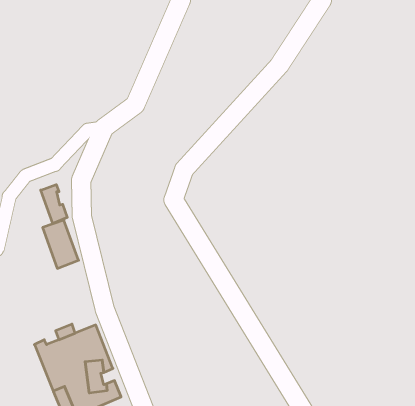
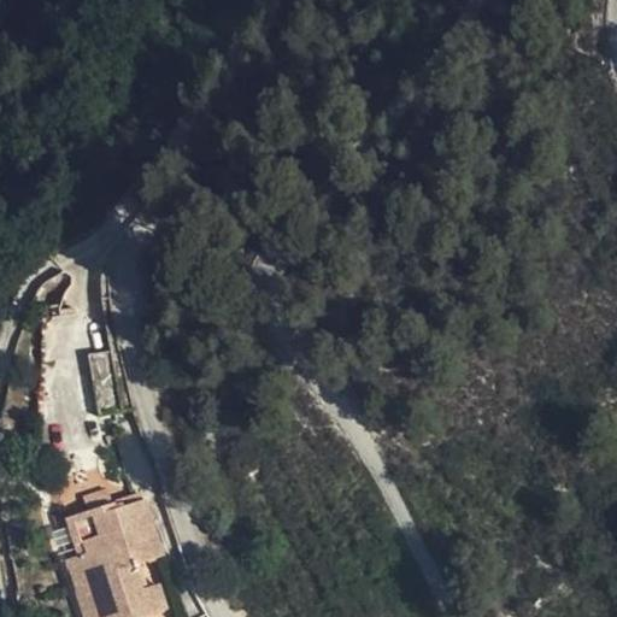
building: [41,185,67,223] -> none

